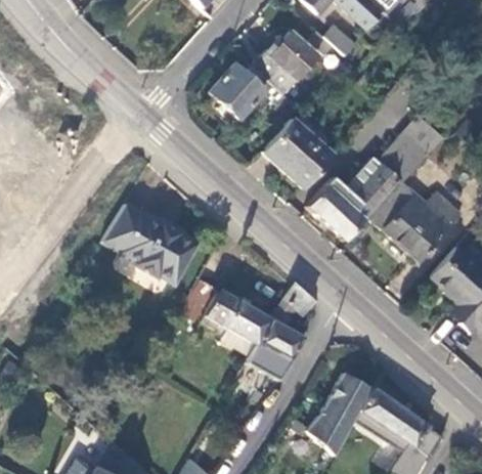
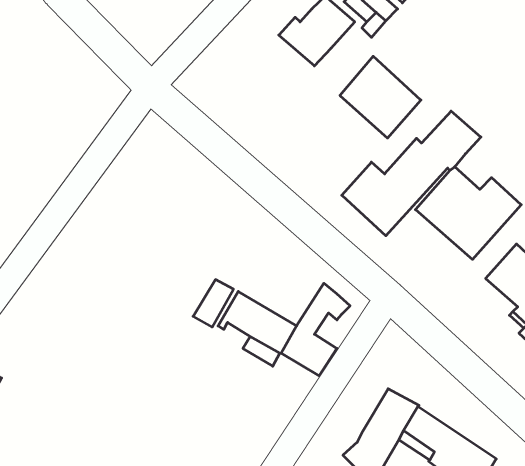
building: [208,64,265,121] -> none
building: [402,115,443,156] -> none
building: [261,119,331,189] -> [340,56,421,138]
building: [100,203,193,283] -> none
building: [244,342,289,380] -> none

